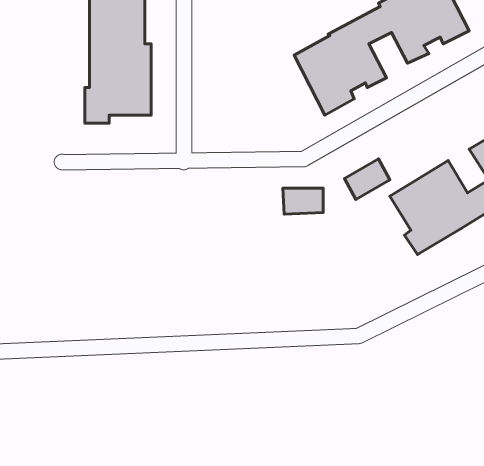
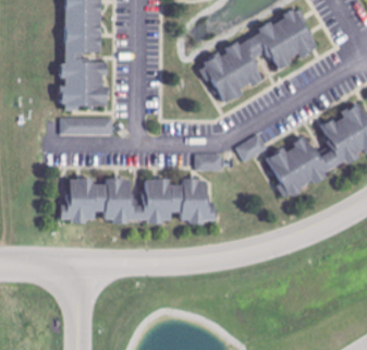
building: none -> [58,117,111,135]
building: none -> [61,178,216,221]

